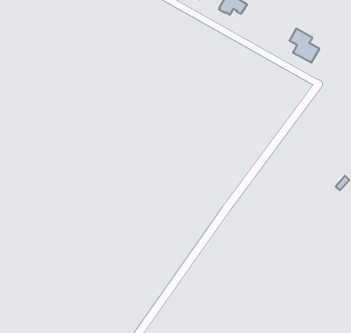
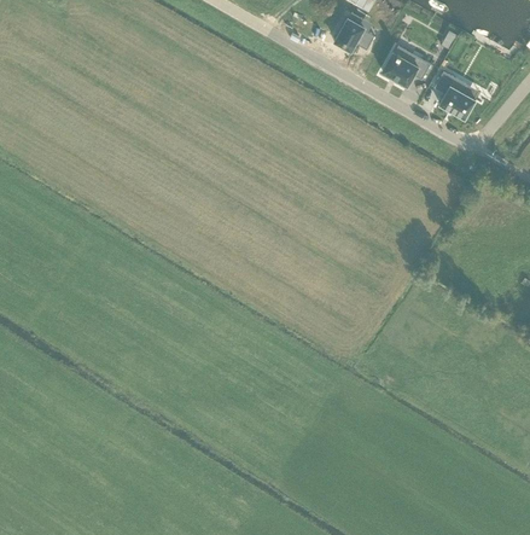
building: none -> [382,50,431,83]

